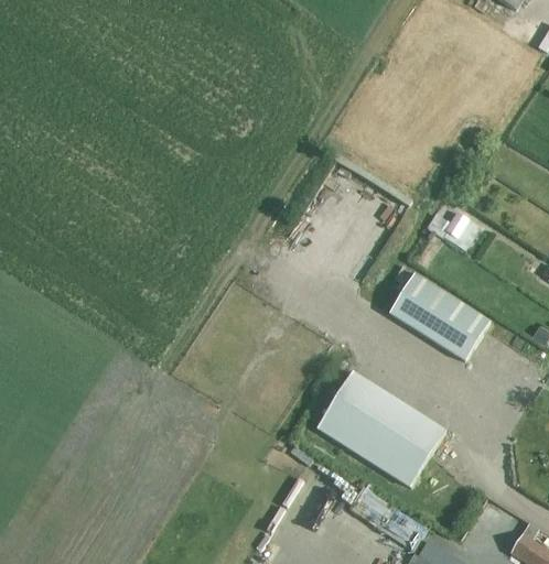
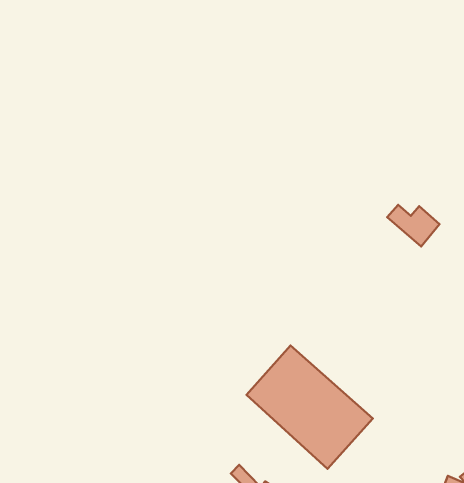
building: [389,272,491,360] -> none

